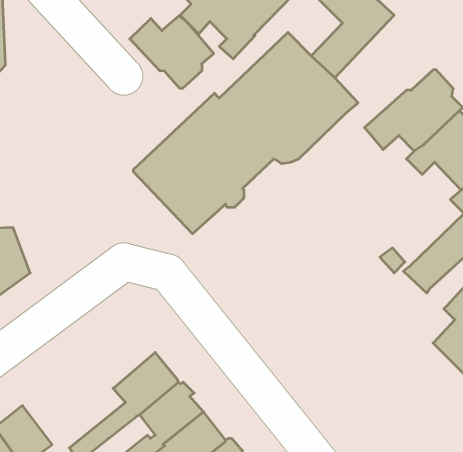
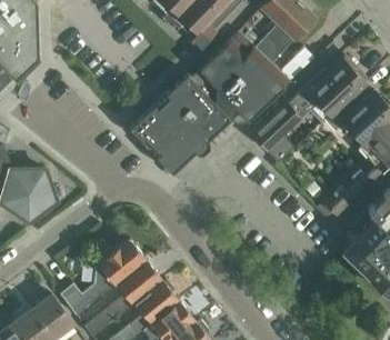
building: [130,16,214,88] -> none
building: none -> [252,104,300,163]
building: none -> [59,238,144,316]

